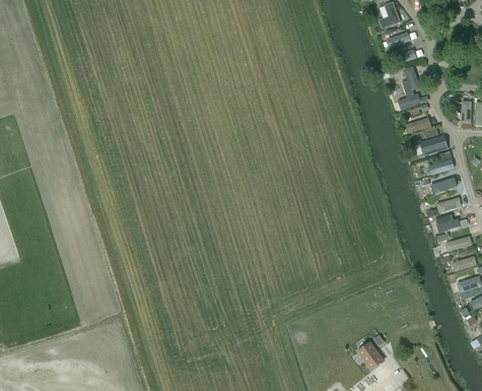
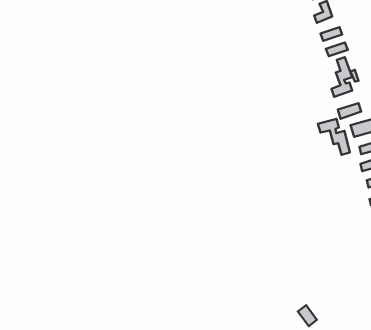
building: none -> [318,119,350,155]

